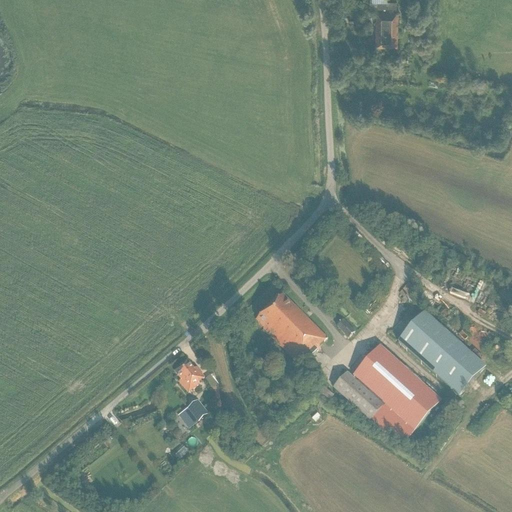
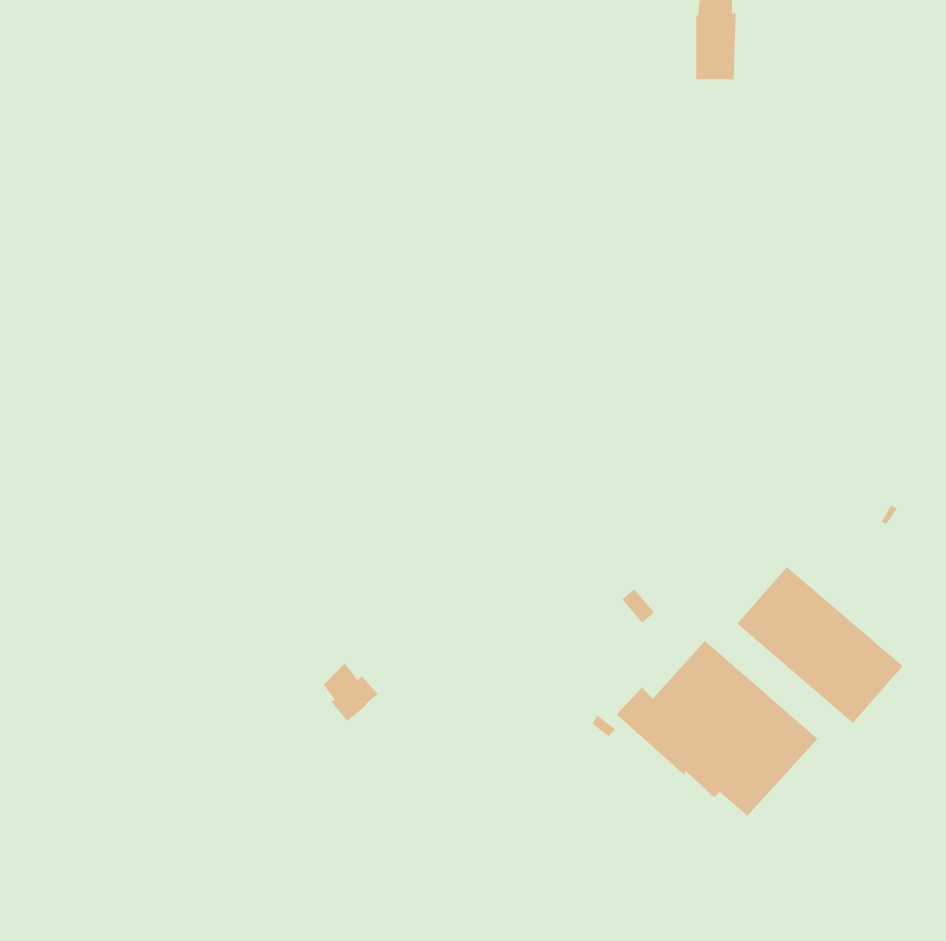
building: [255,291,326,364] -> none
building: [177,398,207,426] -> none

